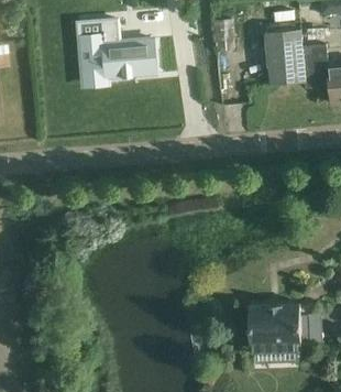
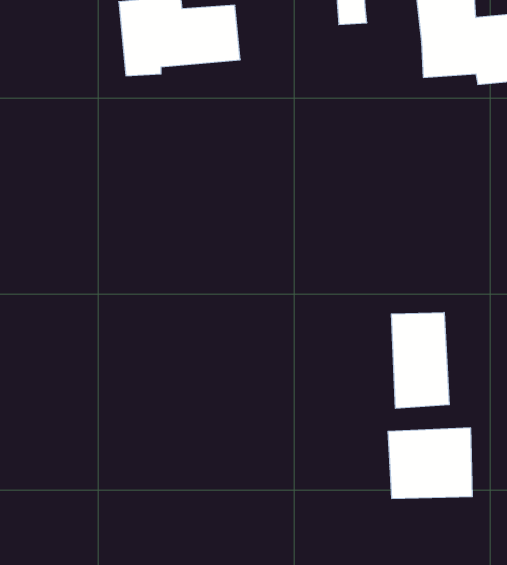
building: none -> [391,312,449,408]

